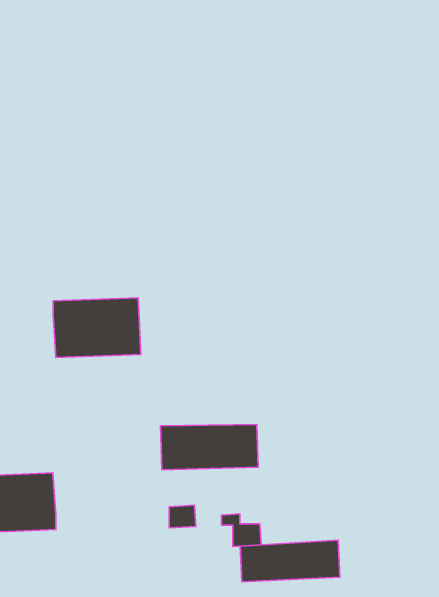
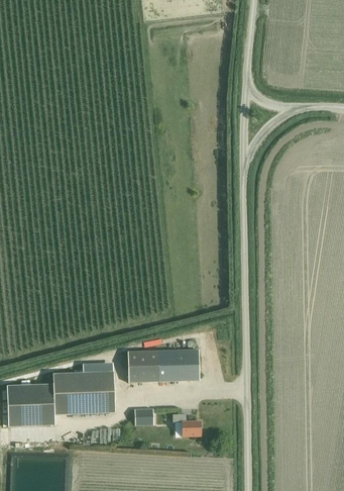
building: [53,298,141,357] -> [51,372,114,414]
building: [240,540,340,582] -> none

